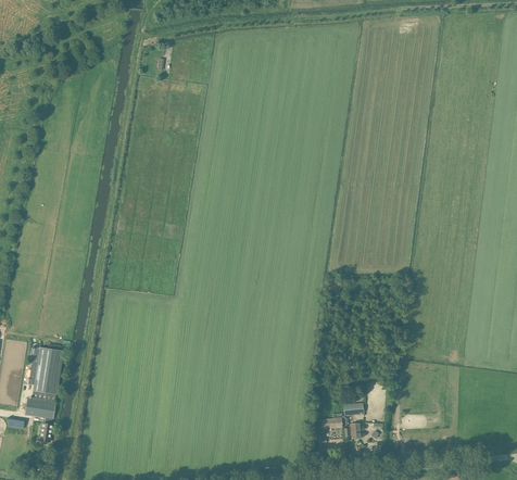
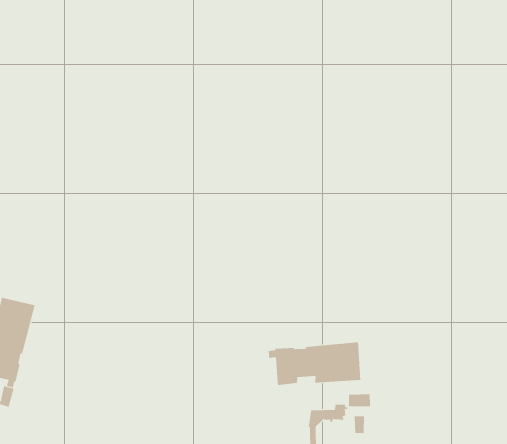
building: none -> [268,342,361,386]

